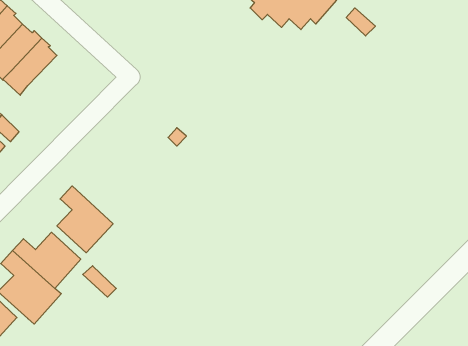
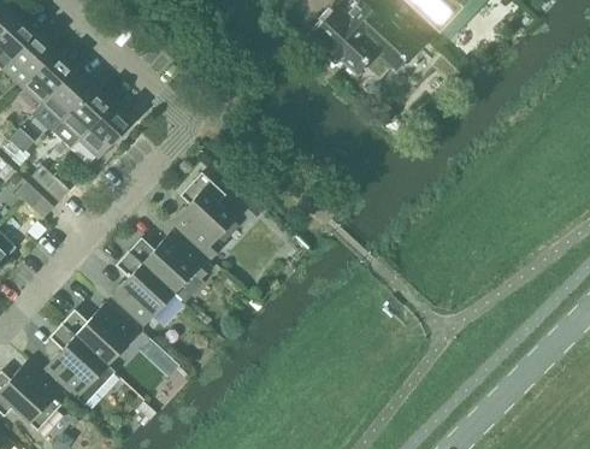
building: none -> [77,105,130,159]
building: none -> [172,173,235,260]
building: none -> [126,231,210,294]

